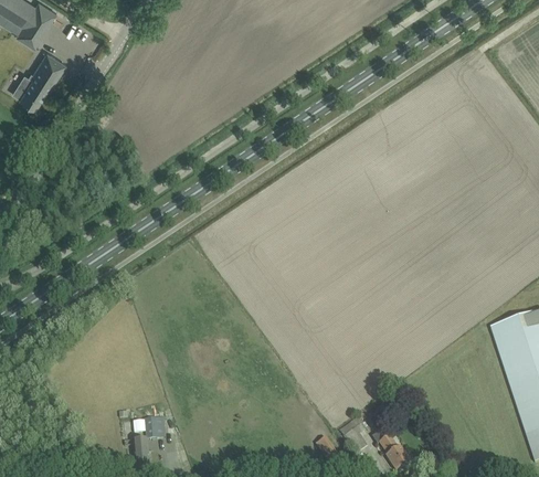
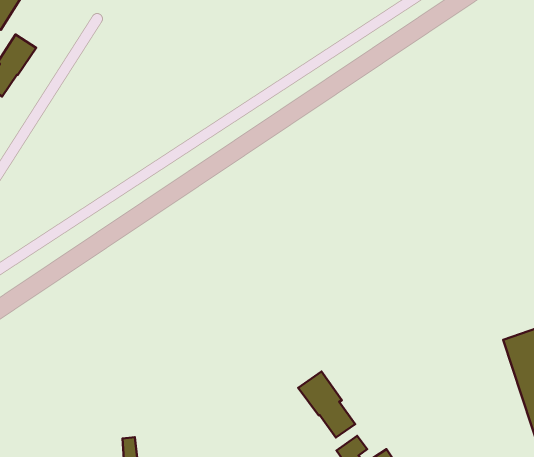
building: none -> [298,371,355,438]

